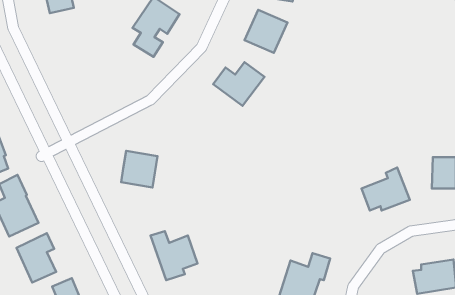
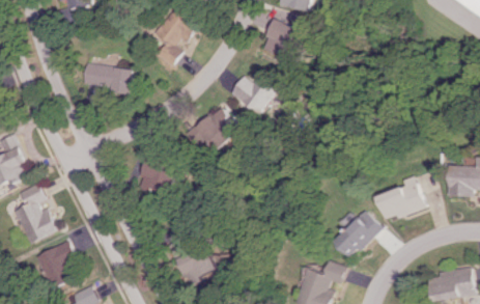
building: none -> [80,63,132,91]
building: none -> [182,107,241,149]
building: none -> [333,210,382,257]

